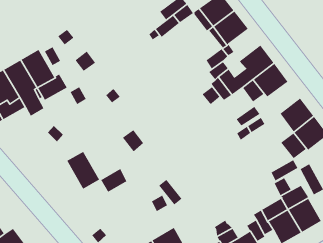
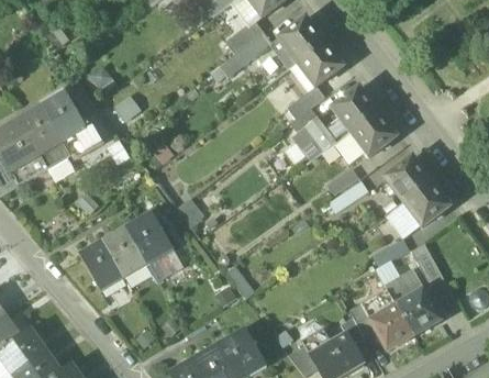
building: none -> [125,211,174,264]
building: none -> [79,238,124,291]

